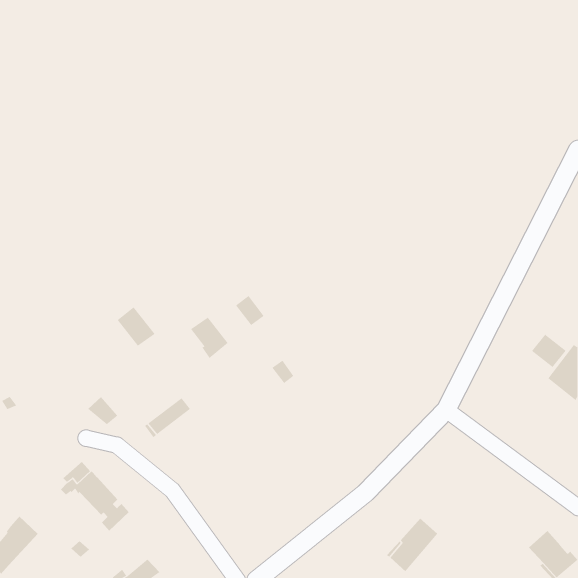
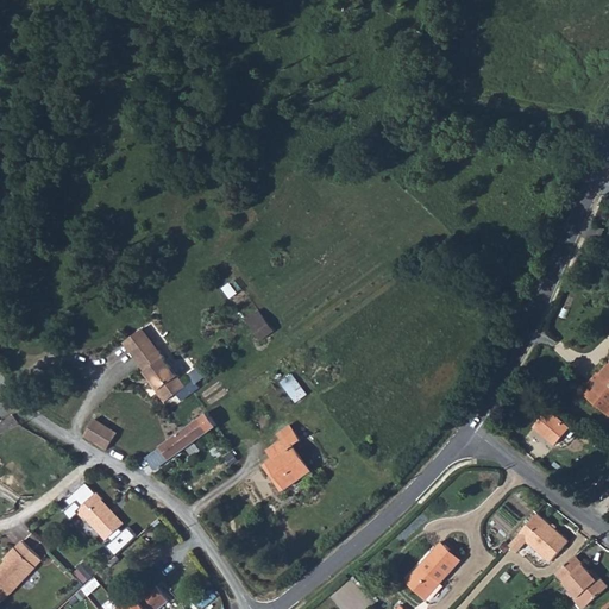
building: [190,317,229,359] -> [144,352,184,396]
building: [531,334,567,368] -> [530,416,567,452]
building: none -> [264,425,304,485]
building: none -> [508,514,566,563]

